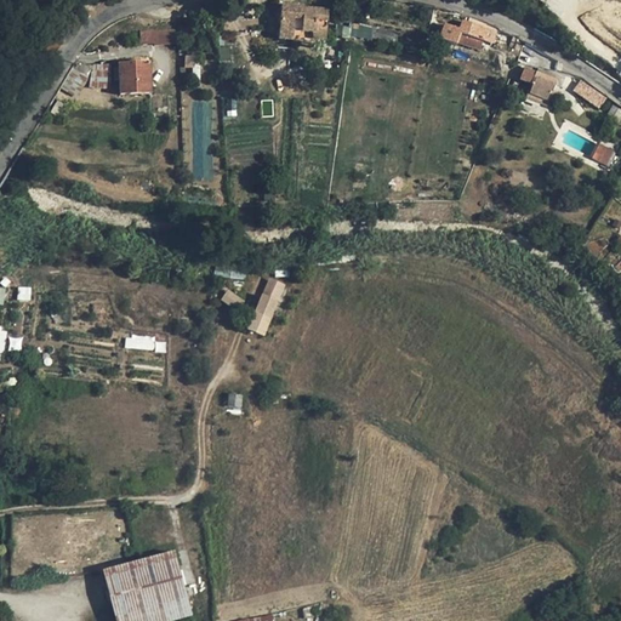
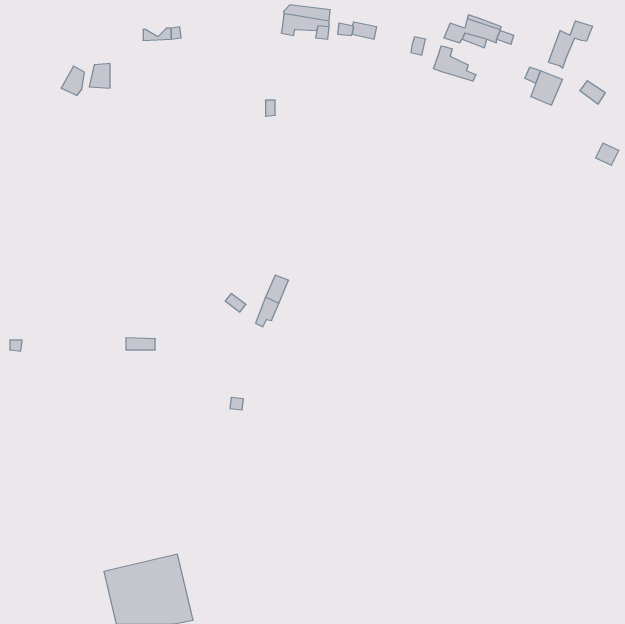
building: none -> [548,21,592,68]
building: none -> [434,46,476,81]
building: [114,62,150,93] -> none

